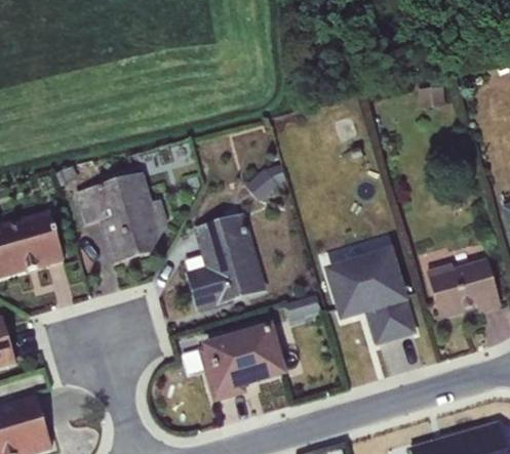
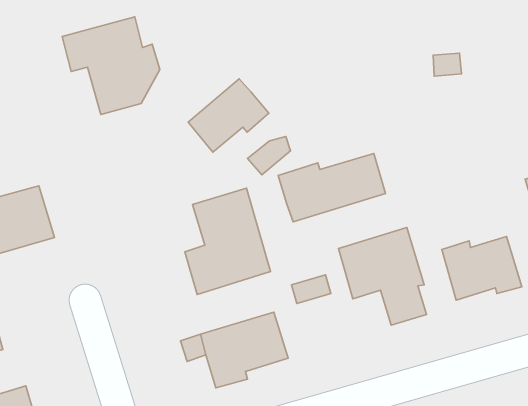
building: none -> [188,79,269,152]
building: [76,173,167,264] -> [62,17,160,114]
building: none -> [278,153,385,222]

